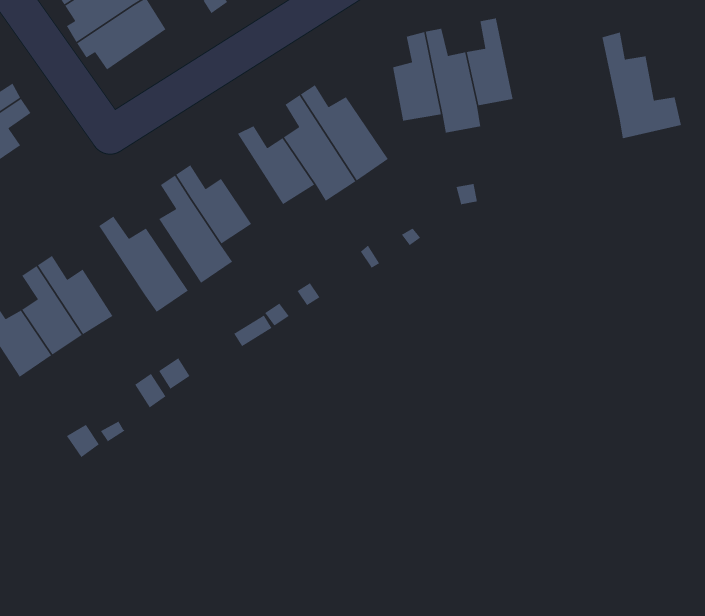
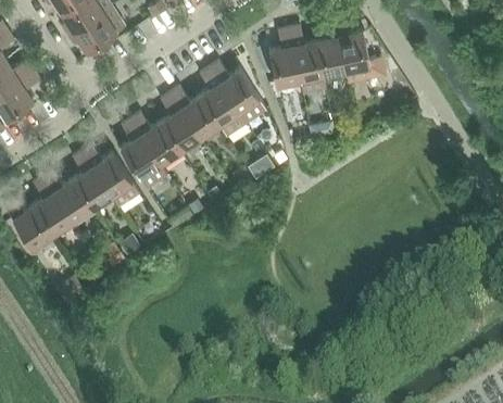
building: [602,32,682,139] -> [335,15,386,84]
building: none -> [160,92,199,150]
building: none -> [72,151,111,209]

